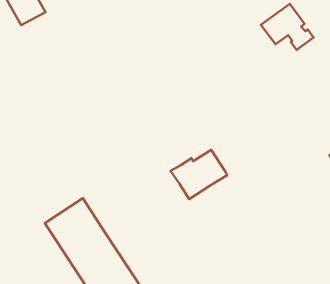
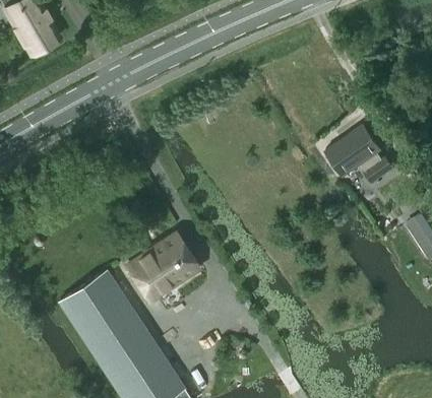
building: [261,4,313,50] -> [327,126,393,184]
building: [171,150,227,199] -> [127,239,198,301]

